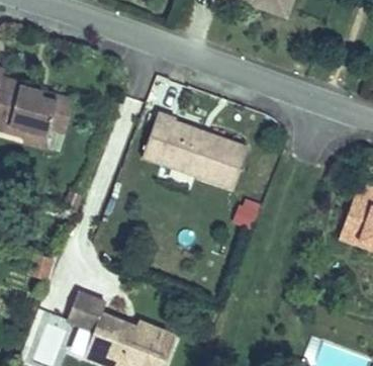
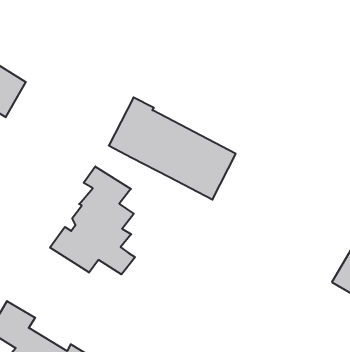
building: none -> [50,166,135,274]

